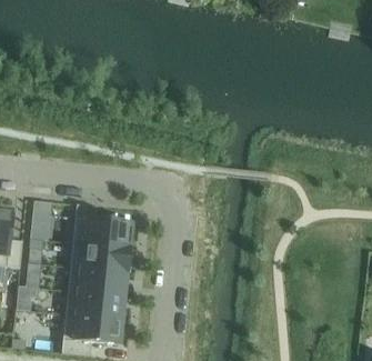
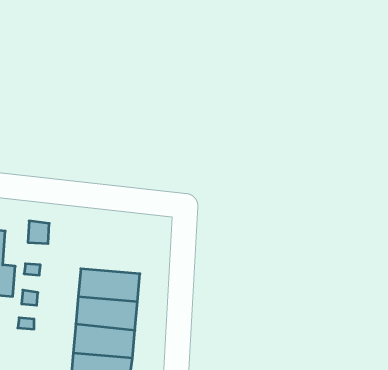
building: [78,215,132,245] -> none

